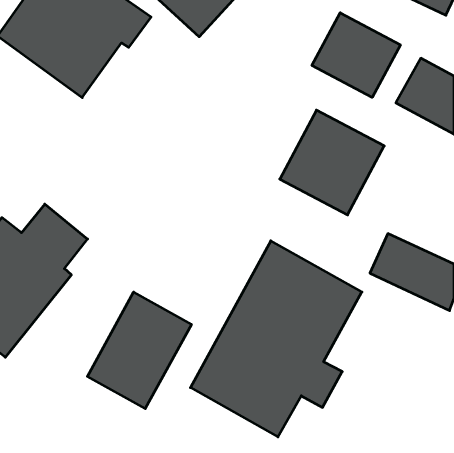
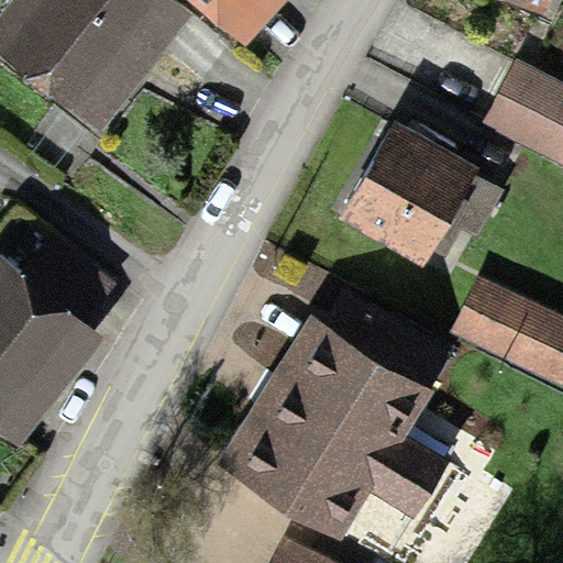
building: [312,13,400,97] -> none
building: [87,292,191,409] -> none

